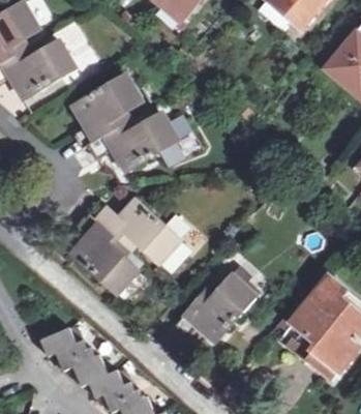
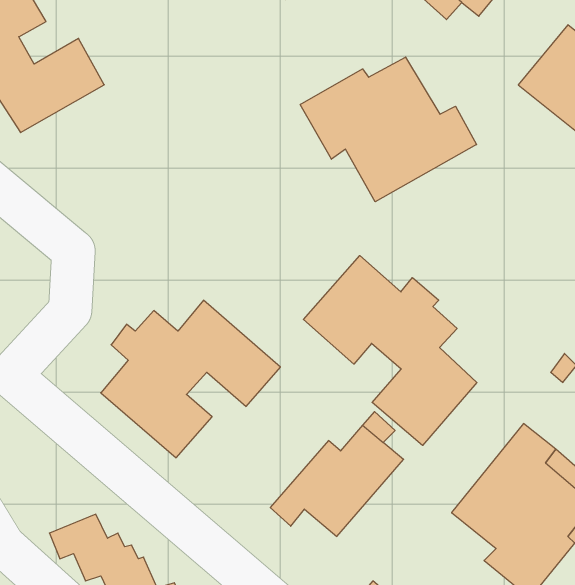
building: none -> [300,57,477,202]
building: [73,75,177,170] -> none
building: none -> [303,256,477,445]

